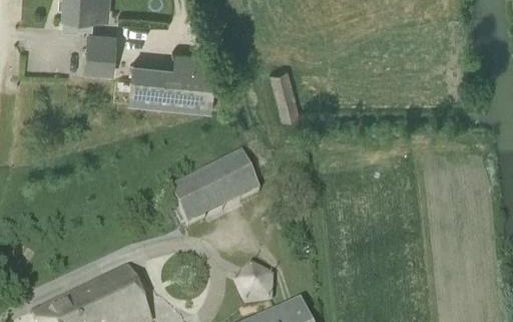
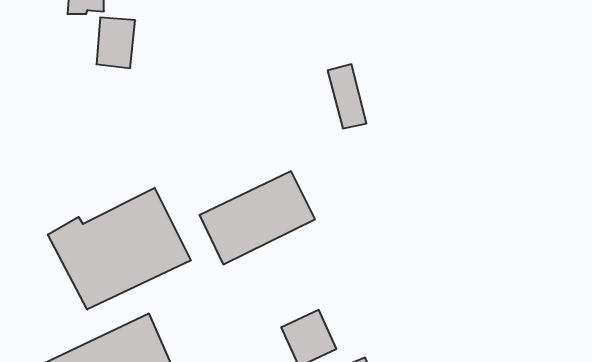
building: [135,54,225,105] -> none
building: none -> [48,188,191,310]

